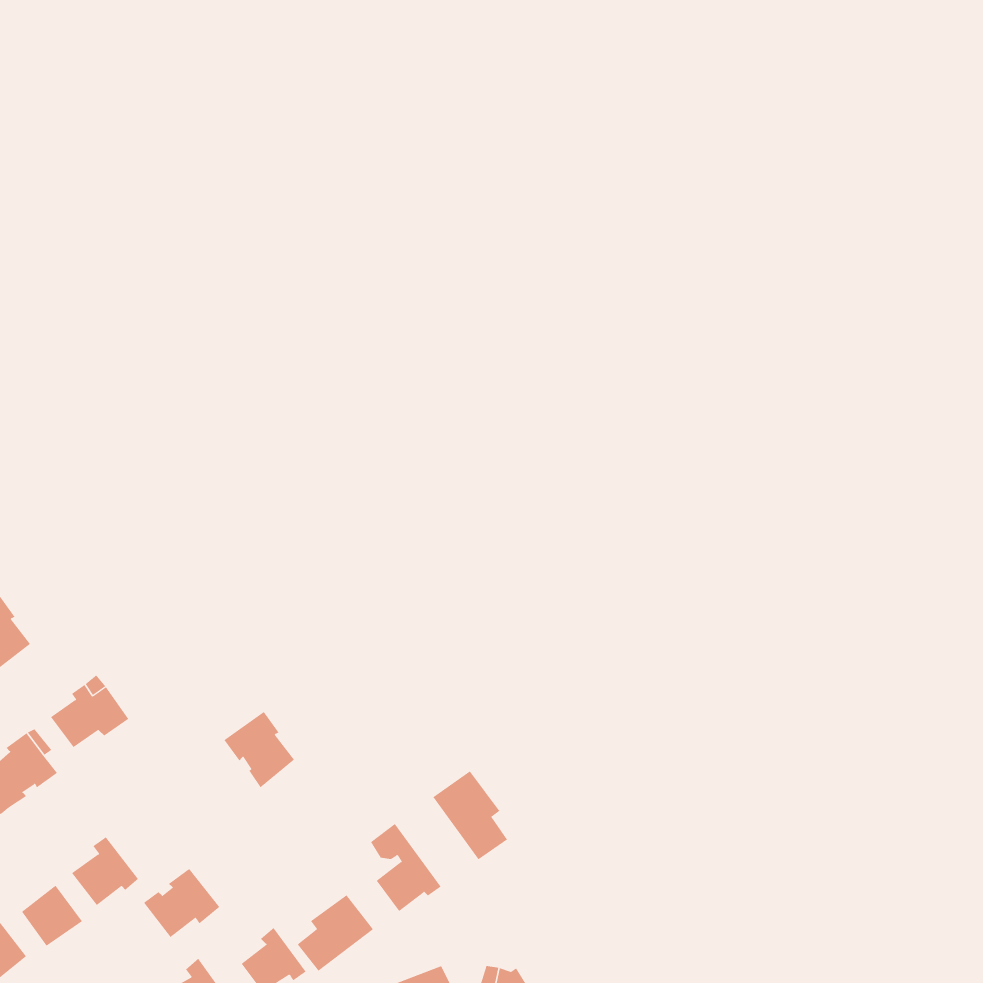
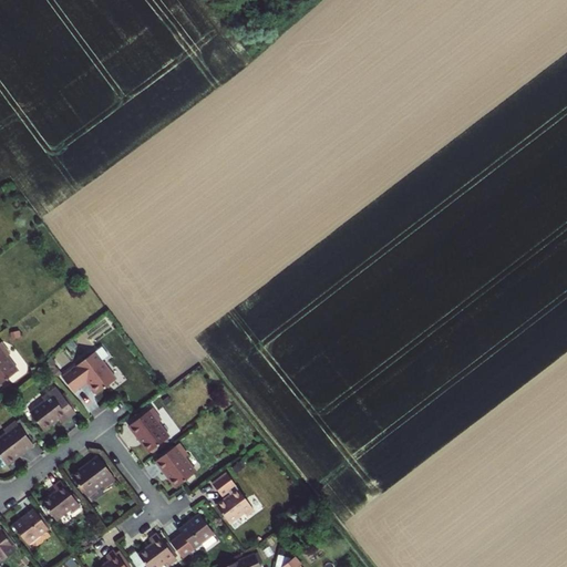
building: none -> [61,348,115,395]
building: [433,771,508,860] -> none
building: none -> [156,444,196,488]
building: [143,868,220,938] -> [71,457,115,497]

